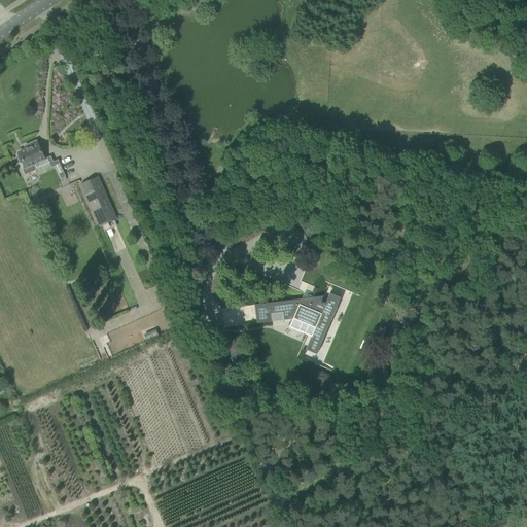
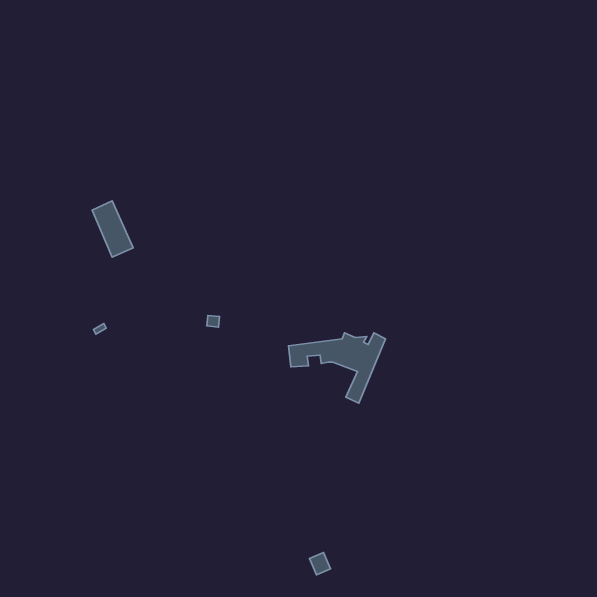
building: [16,142,44,176] -> none

